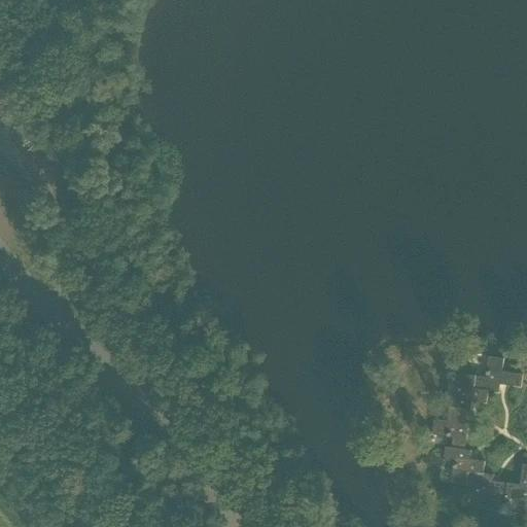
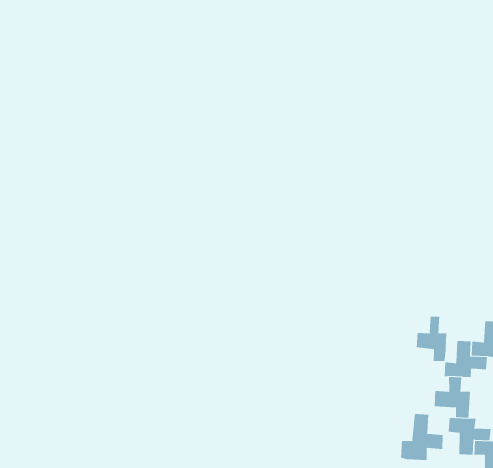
building: none -> [416,316,447,362]
building: none -> [400,413,443,461]

